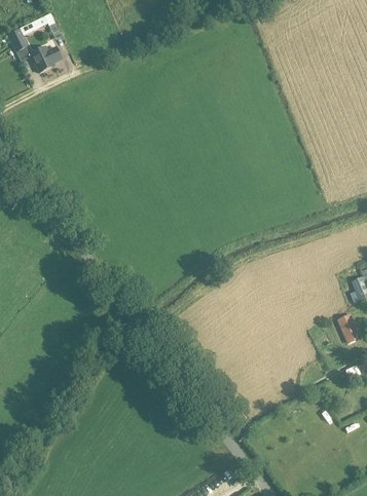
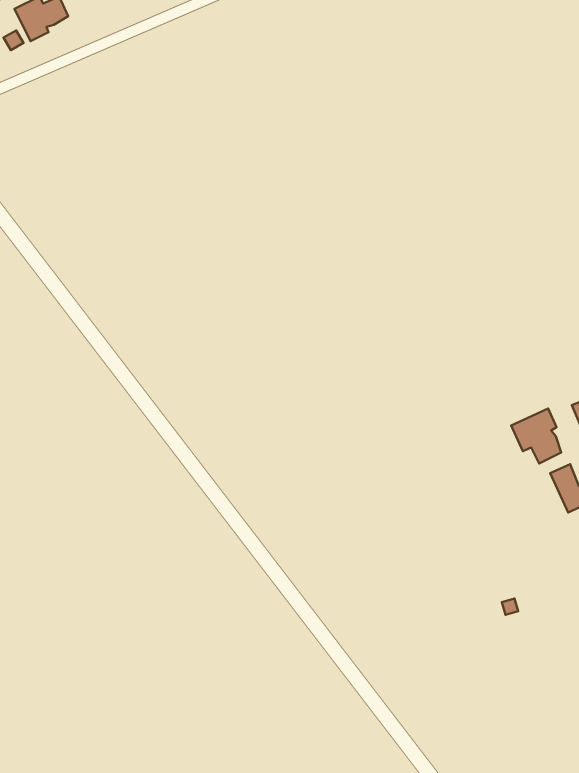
building: none -> [511,409,561,463]

